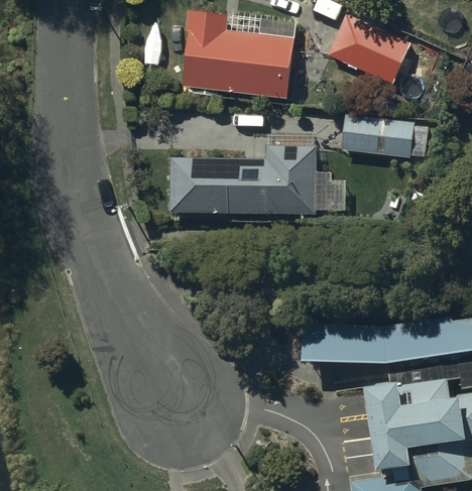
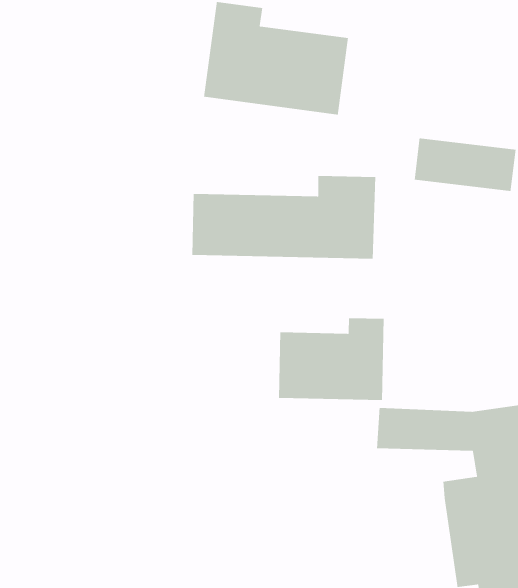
building: [332,18,386,73] -> none
building: none -> [278,318,384,401]

